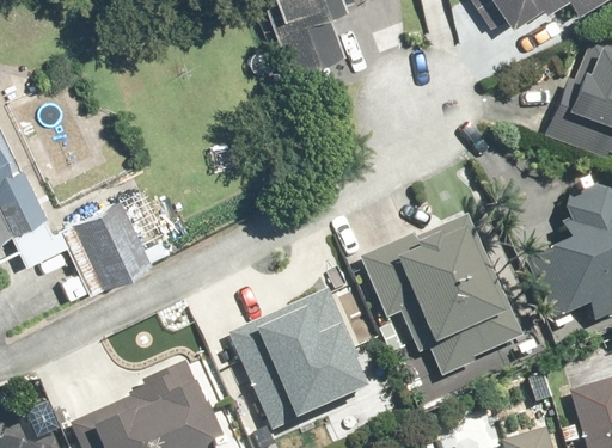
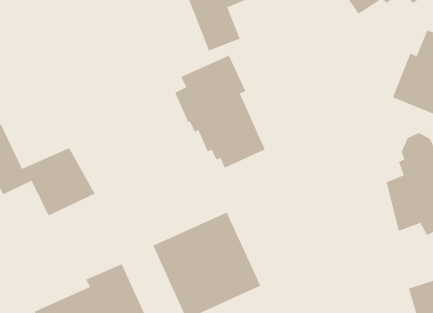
building: none -> [174,55,265,169]
building: [361,216,521,375] -> none

